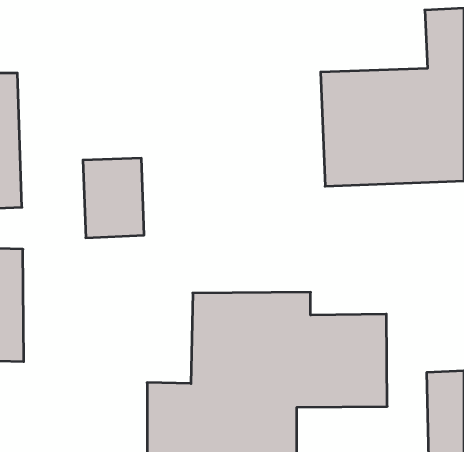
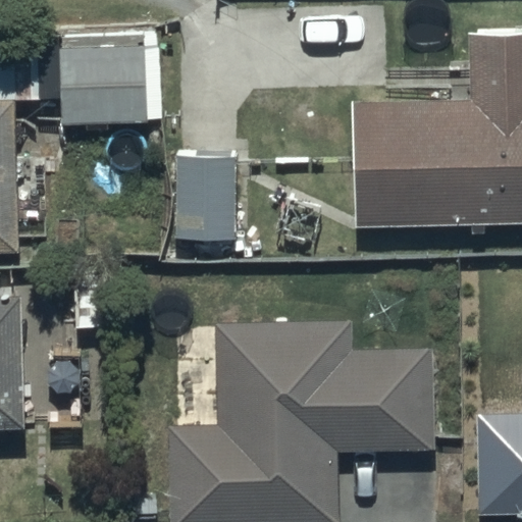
building: none -> [59,31,164,122]
building: [83,158,144,238] -> [175,153,244,242]

